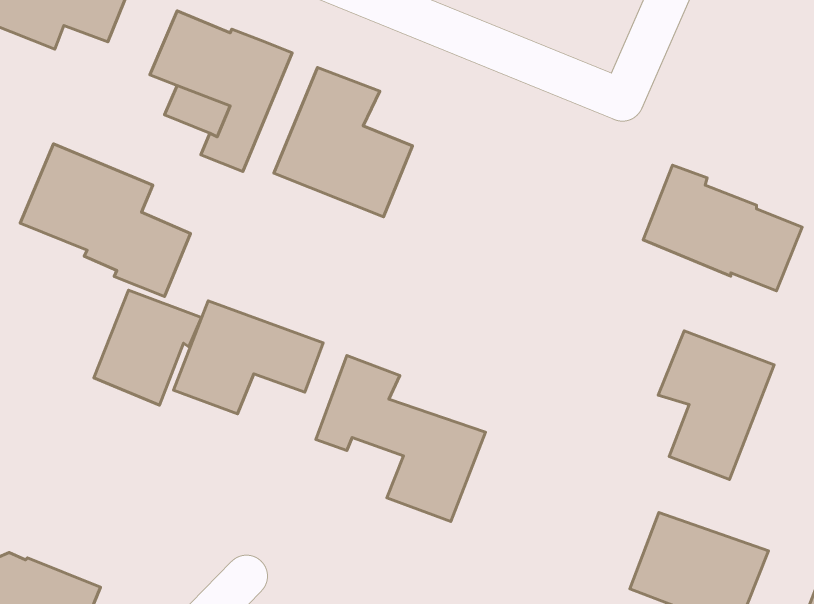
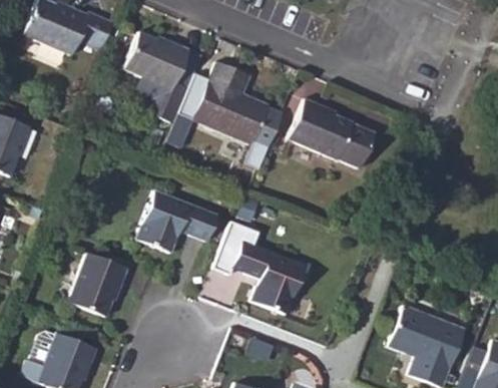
building: [20,144,190,296] -> none
building: [643,165,802,291] -> [288,100,375,169]
building: [94,290,202,405] -> [70,254,129,317]
building: [658,331,774,479] -> none

